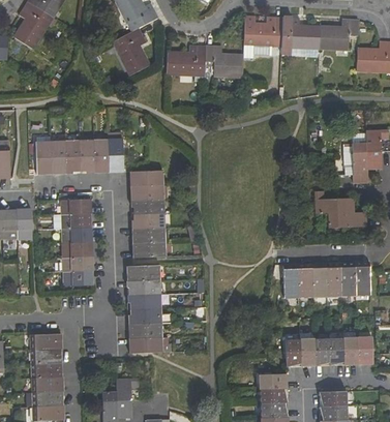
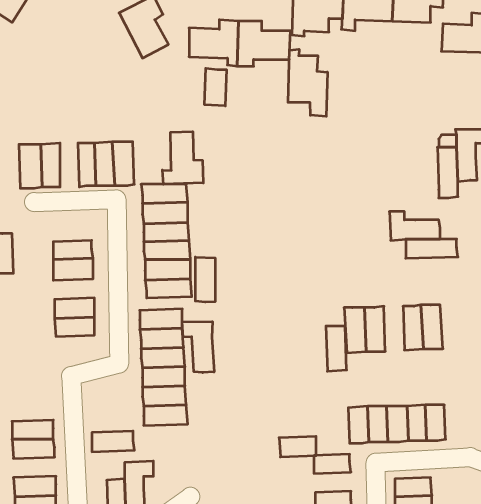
building: none -> [288,49,327,116]
building: none -> [205,68,226,106]
building: none -> [162,132,203,184]
building: [67,140,82,173] -> none
building: [61,199,91,214] -> none
building: none -> [195,257,215,302]
building: [62,242,93,258] -> none
building: [354,261,370,295] -> none
building: [311,263,327,297] -> [326,326,347,371]
building: none -> [182,322,214,373]
building: [30,334,62,350] -> none
building: [357,336,372,363] -> none
building: [32,376,64,392] -> [92,431,134,452]
building: [259,388,287,403] -> [279,436,316,457]

